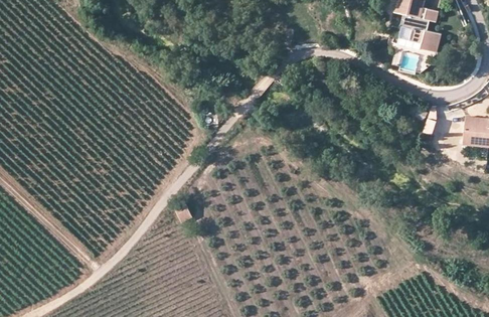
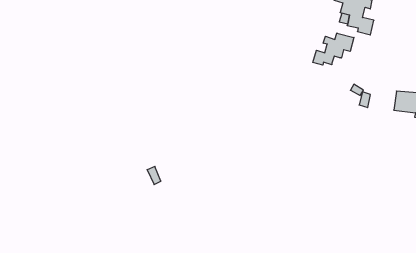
building: none -> [313,33,354,65]

